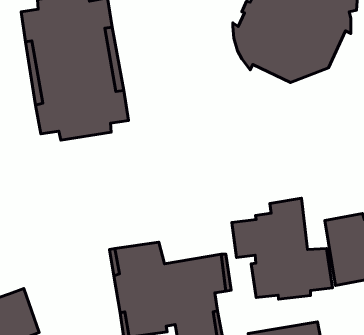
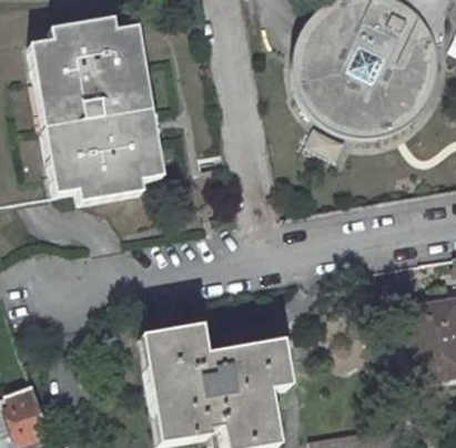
building: [232,198,332,299] -> none

